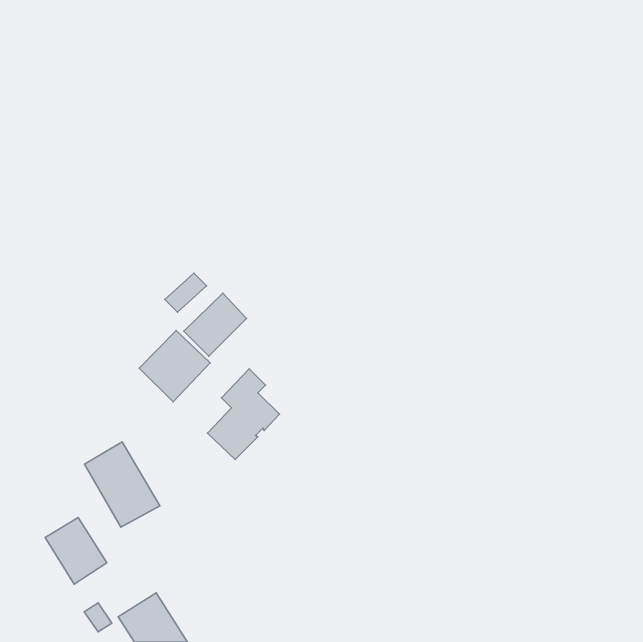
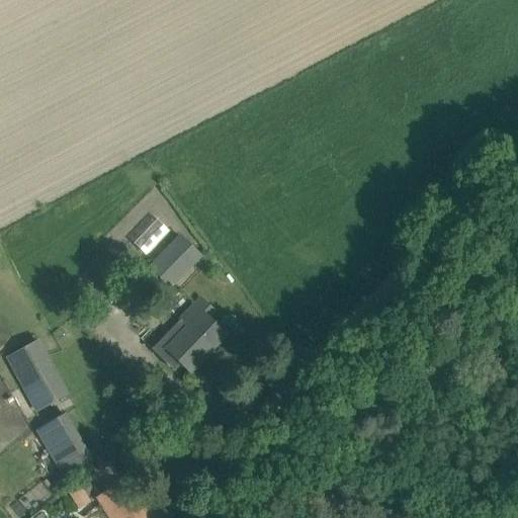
building: [139,331,210,402] -> none
building: [84,442,160,527] -> [7,339,68,408]

